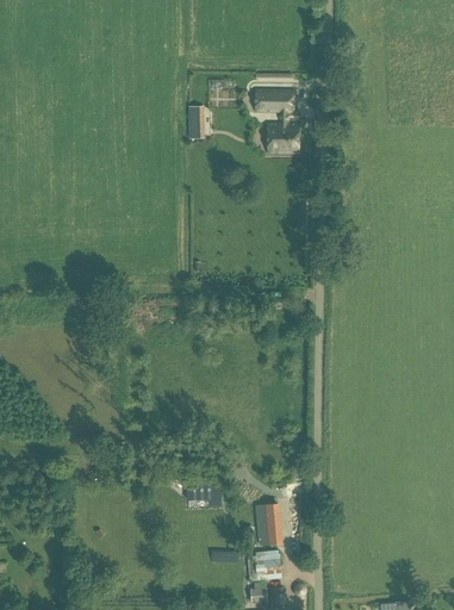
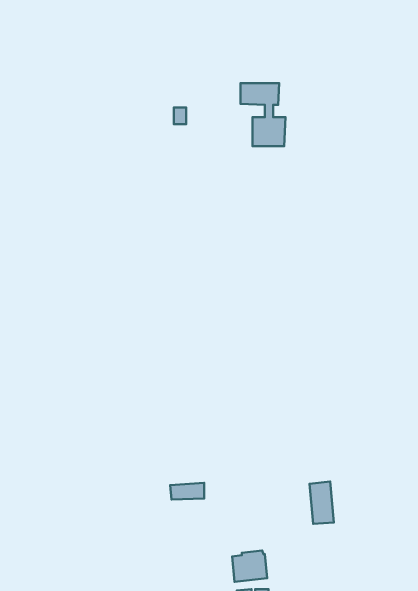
building: [256,503,280,544] -> [310,481,334,524]

